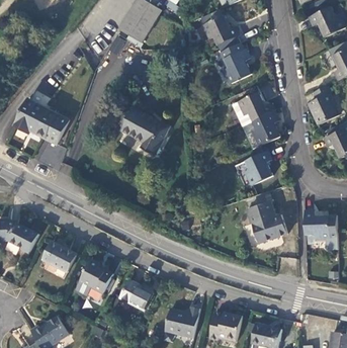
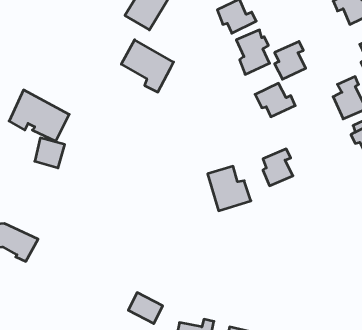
building: [120,107,168,155] -> [121,40,174,92]
building: [251,111,279,146] -> [275,41,306,79]
building: [247,201,286,242] -> [208,166,251,211]
building: [303,210,330,244] -> none
building: [42,241,76,271] -> none
building: [77,260,113,293] -> none

